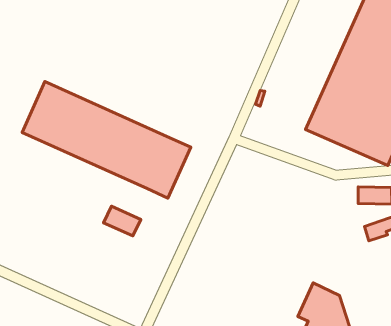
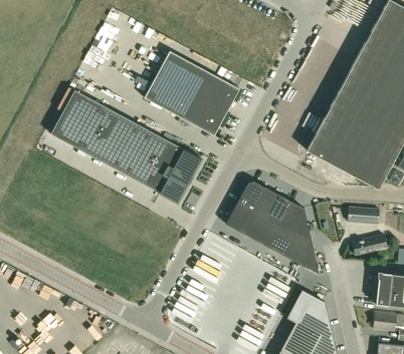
building: none -> [144,50,239,135]
building: none -> [226,182,320,275]
building: [103,206,141,236] -> none

